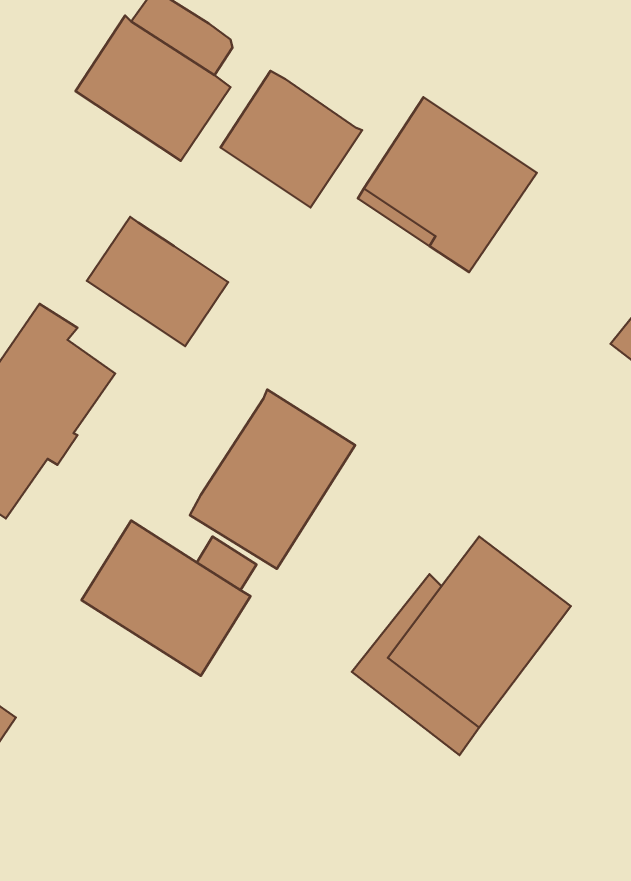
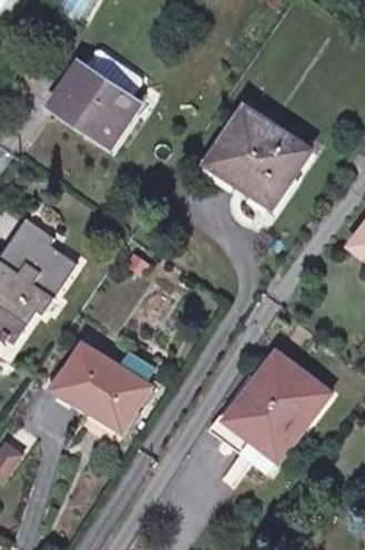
building: [220,71,362,208] -> none
building: [87,217,228,346] -> none
building: [190,389,355,569] -> none

